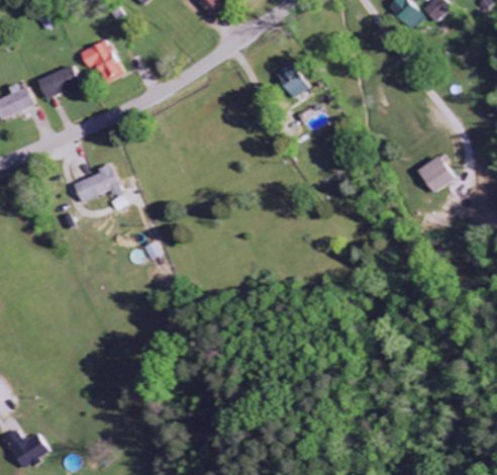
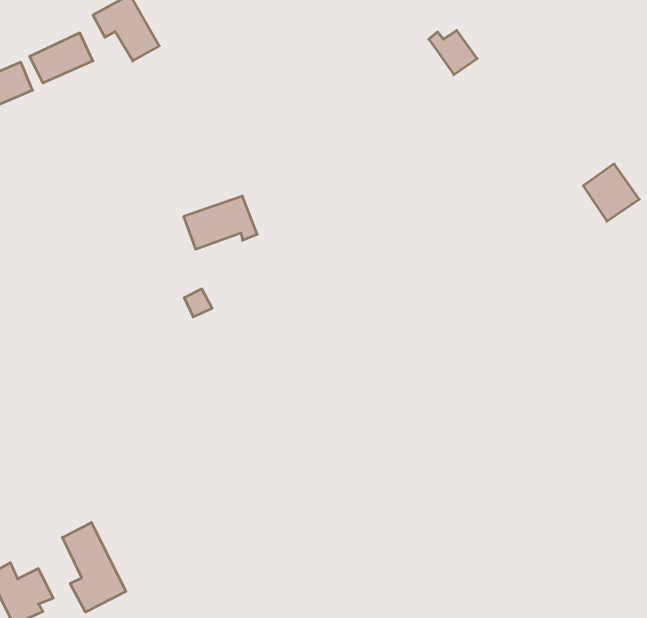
building: [276,69,309,99] -> [429,30,477,75]
building: [71,166,121,202] -> [184,196,257,249]
building: none -> [62,522,126,612]

